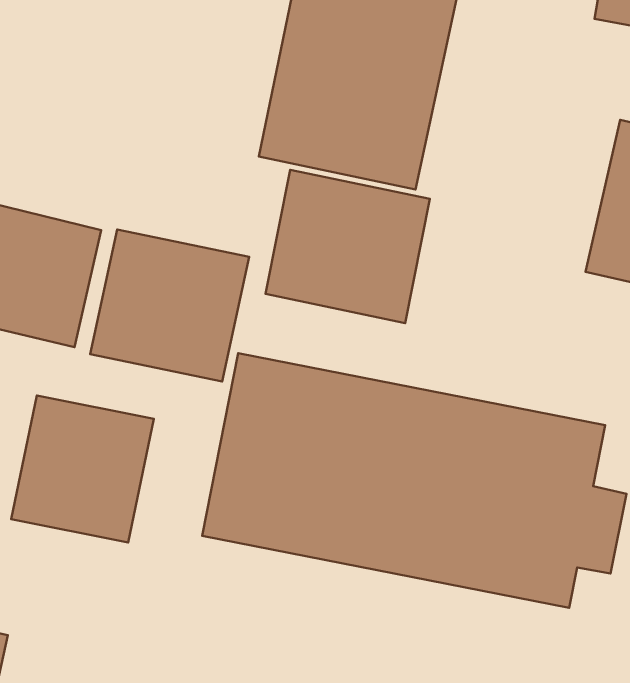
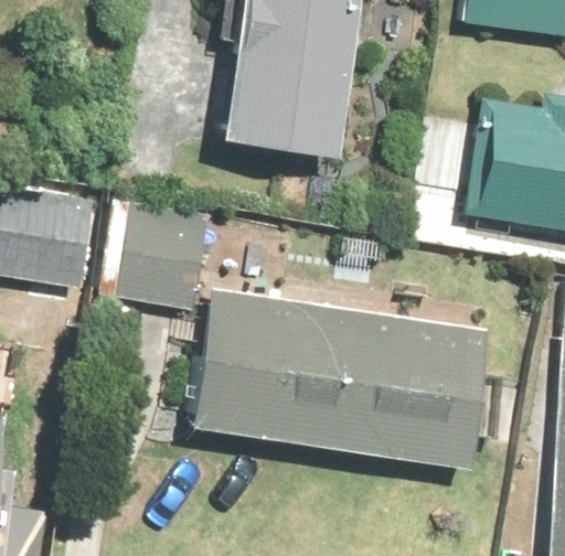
building: [265,170,430,323] -> none
building: [11,395,154,543] -> none

